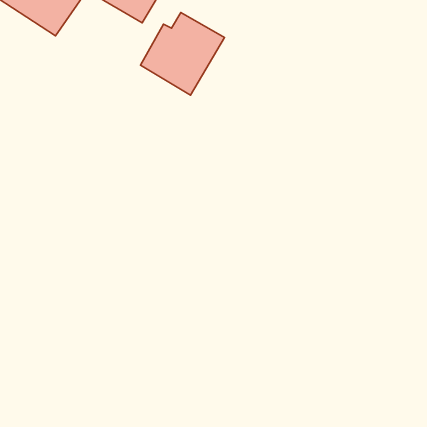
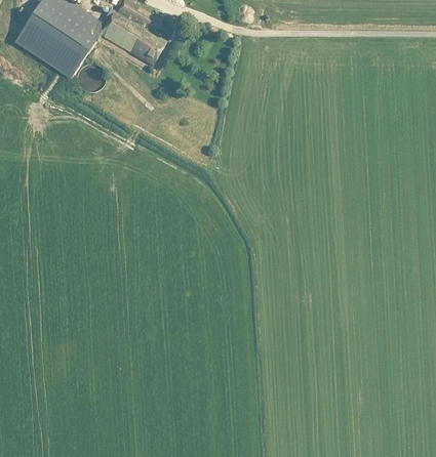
building: [140,13,225,95] -> none

